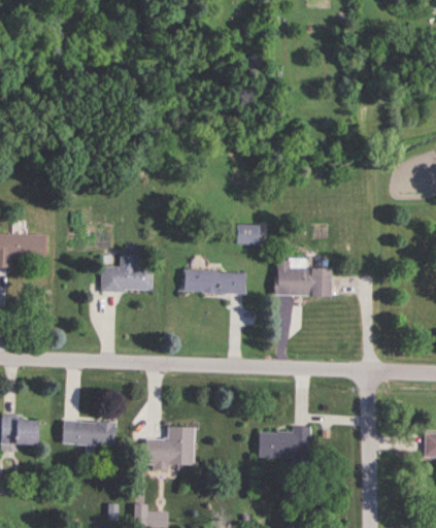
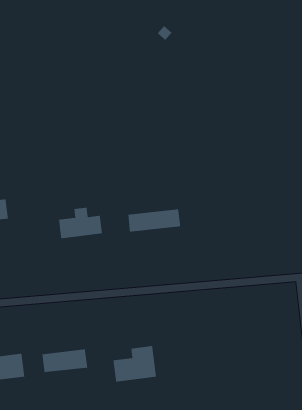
building: [237,224,258,244] -> none
building: [275,259,330,296] -> none
building: [258,426,310,458] -> none

